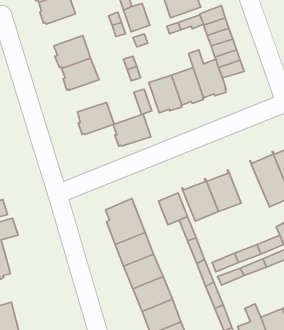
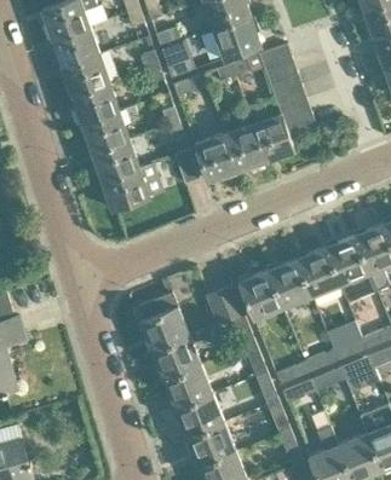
building: none -> [62,54,109,96]
building: [113,114,151,146] -> [91,139,139,180]
building: none -> [295,243,341,297]

